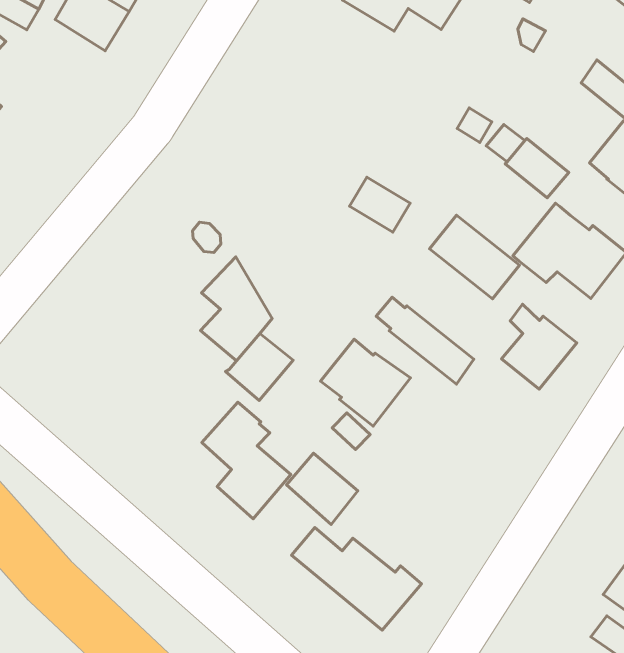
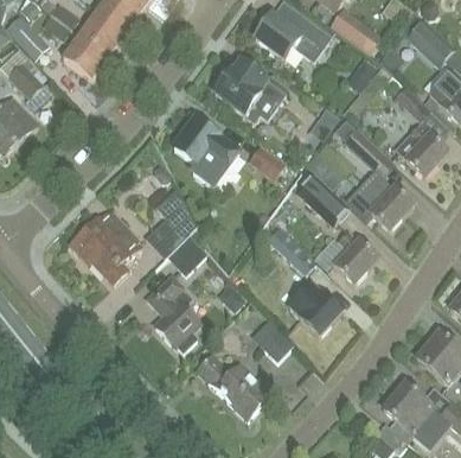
building: none -> [63,36,109,81]
building: none -> [213,61,287,121]
building: none -> [174,119,239,166]
building: none -> [71,209,141,282]
building: [320,339,411,426] -> [289,282,344,336]
building: [287,453,358,525] -> [251,319,294,363]

